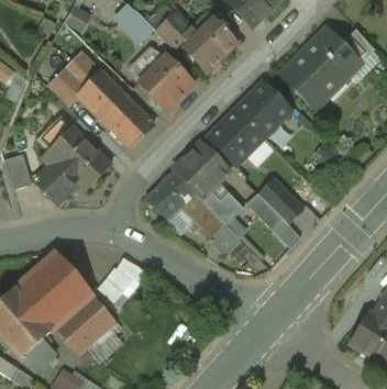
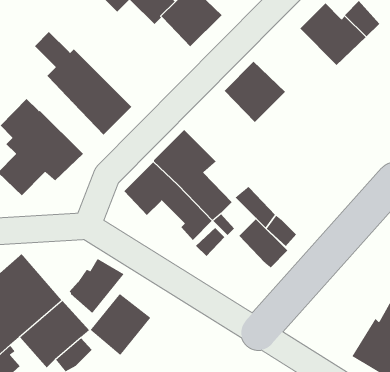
building: [280,52,335,107] -> none
building: [137,54,193,110] -> none
building: [49,68,86,105] -> none
building: [208,108,272,164] -> none
building: [258,178,302,222] -> [239,218,288,268]
building: none -> [90,293,151,356]

